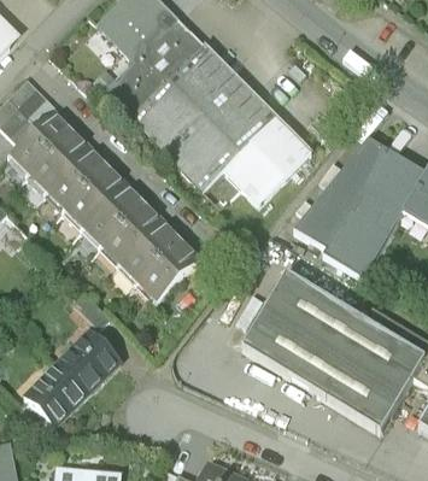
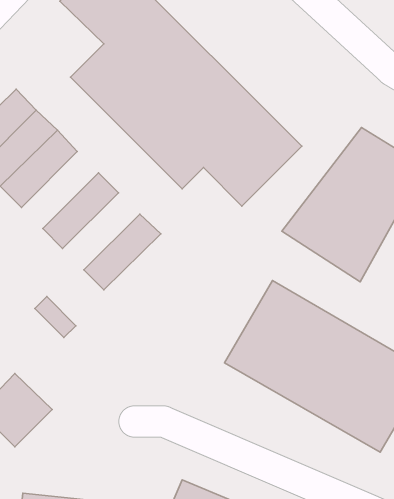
building: [59,158,129,228] -> none
building: [96,195,166,265] -> none
building: [134,233,204,303] -> none
building: [53,325,121,392] -> none

